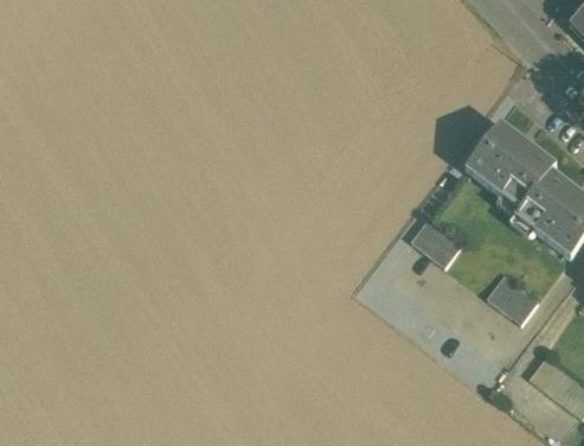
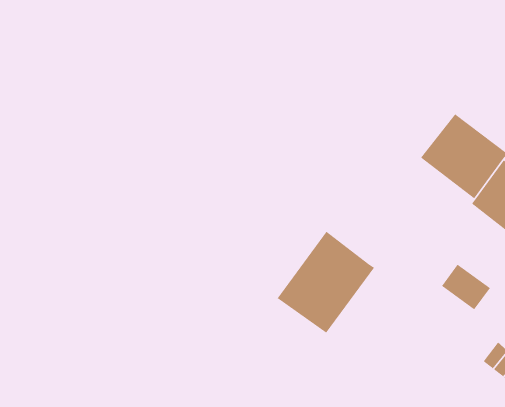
building: [411,218,462,266] -> none
building: none -> [277,231,375,334]

